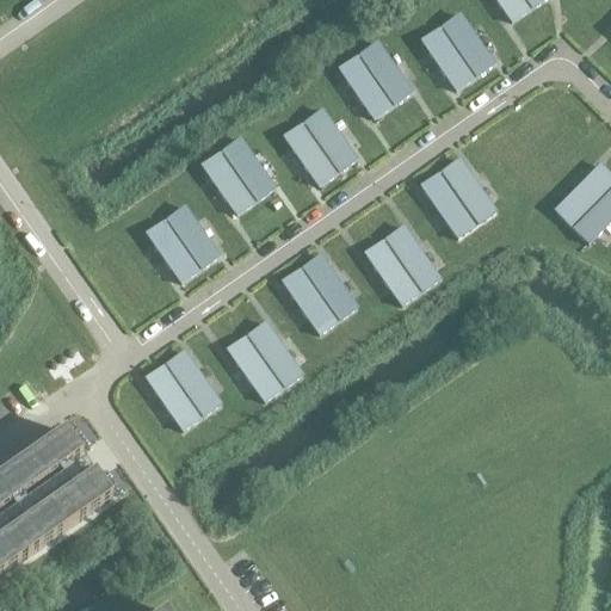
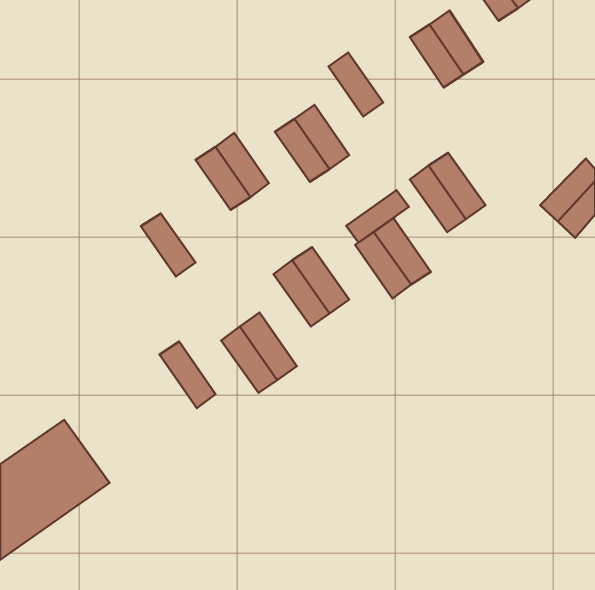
building: [357,41,413,105] -> none
building: none -> [346,190,409,243]
building: [165,204,221,269] -> none
building: [143,363,202,431] -> none

